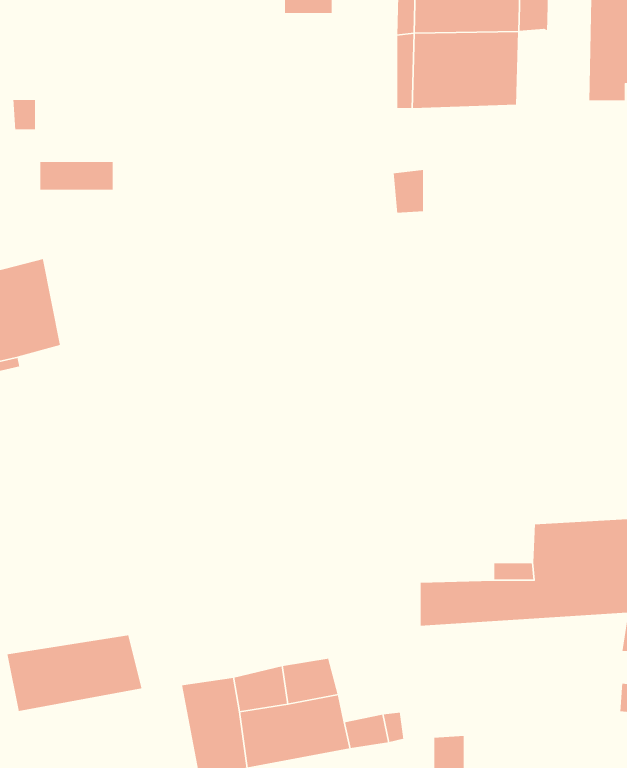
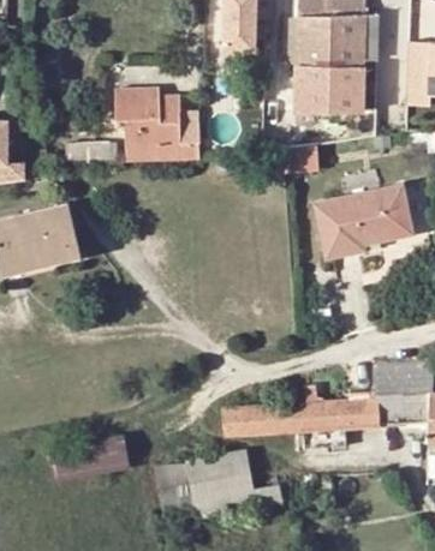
building: none -> [118,88,203,158]
building: none -> [317,186,411,257]
building: none -> [224,402,303,433]

